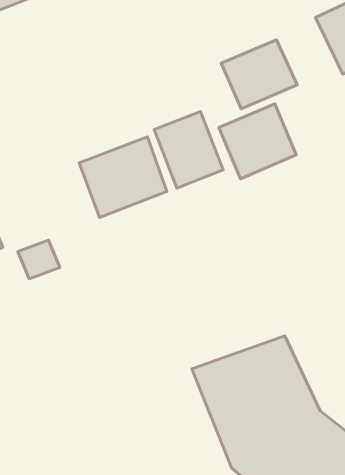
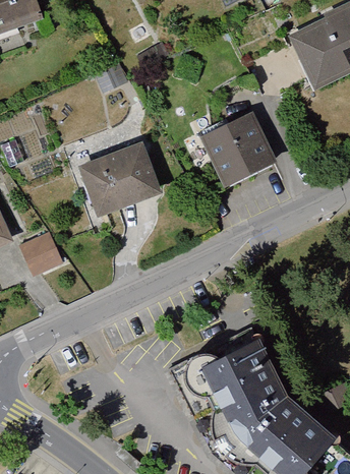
building: [221,40,297,109] -> none
building: [154,111,223,188] -> none

